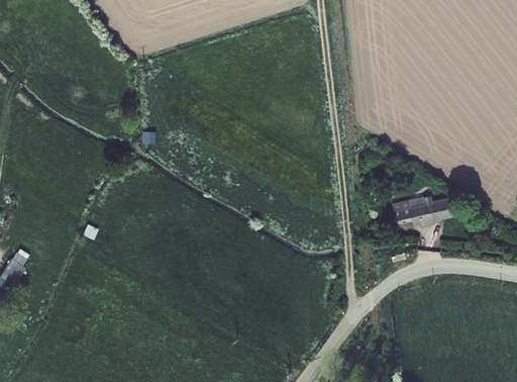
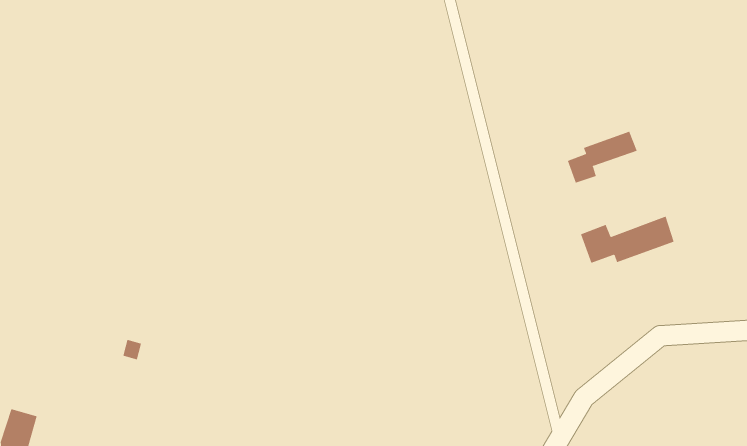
building: none -> [567,131,637,183]

